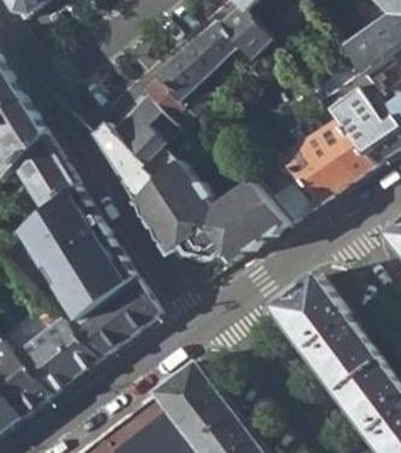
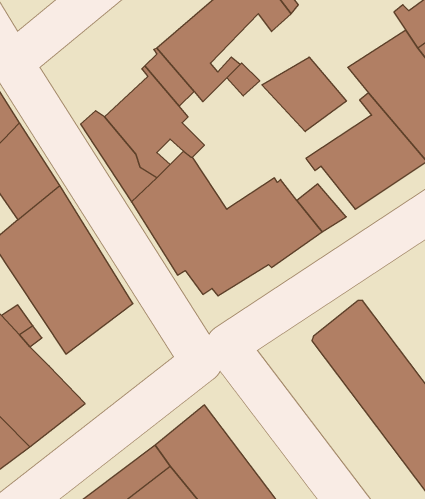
building: none -> [262,57,346,132]
building: [67,279,157,360] -> none

